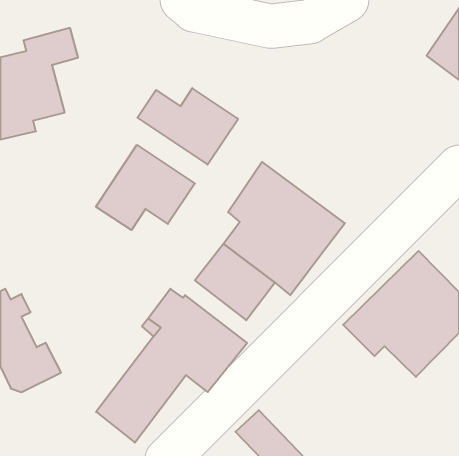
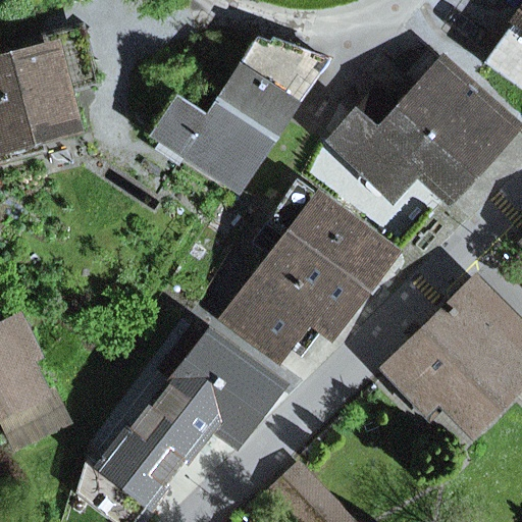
building: none -> [218,43,319,139]
building: none -> [331,63,514,201]
building: [96,145,195,230] -> none

